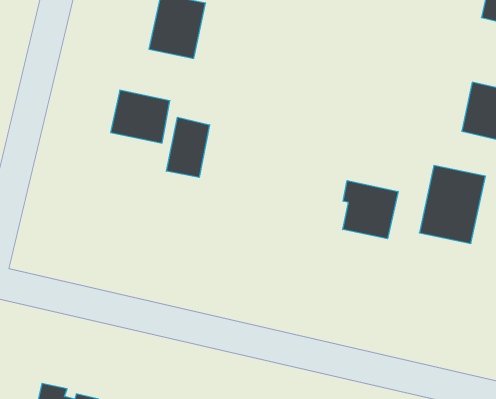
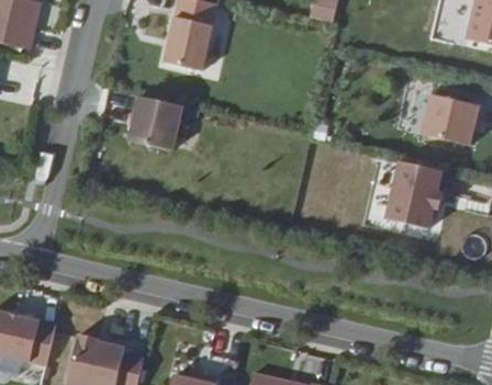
building: [166,117,210,177] -> none
building: [343,181,398,239] -> none

